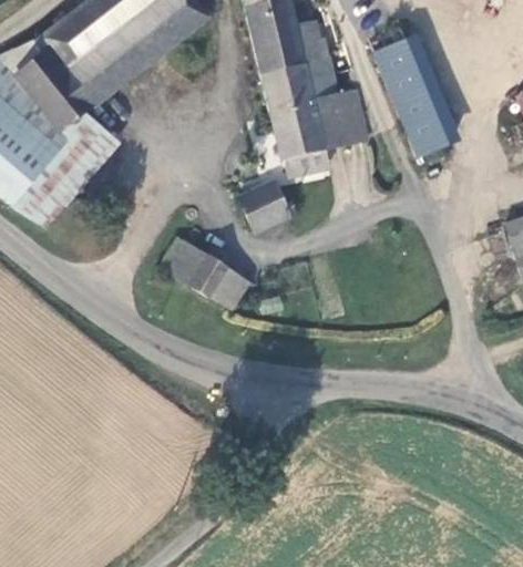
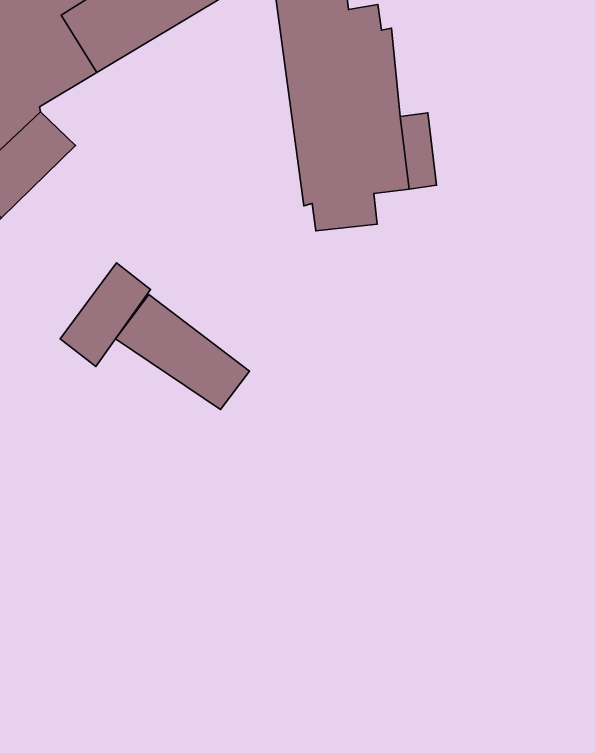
building: [373,30,459,156] -> none
building: [238,179,294,234] -> none
building: none -> [60,263,151,367]

